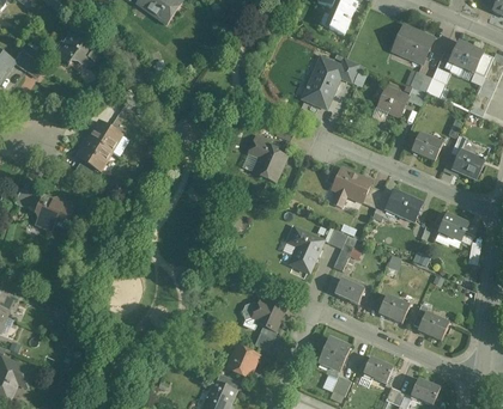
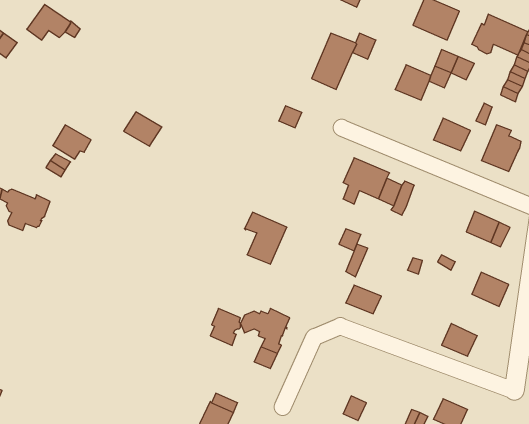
building: [87,121,121,151] -> [124,112,162,146]
building: [247,134,286,182] -> none
building: [386,190,422,221] -> none
building: [286,226,323,271] -> [244,212,287,264]
building: [377,293,410,323] -> [472,272,509,306]
building: [317,337,350,370] -> none
building: [229,344,255,377] -> [210,308,240,345]
building: [358,355,393,386] -> none

